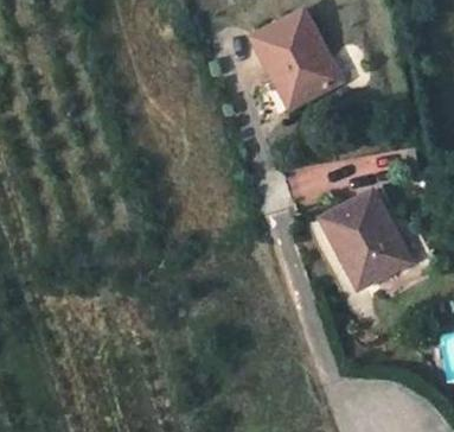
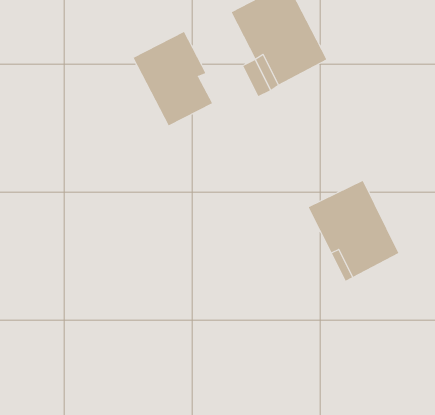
building: none -> [133,31,213,126]

